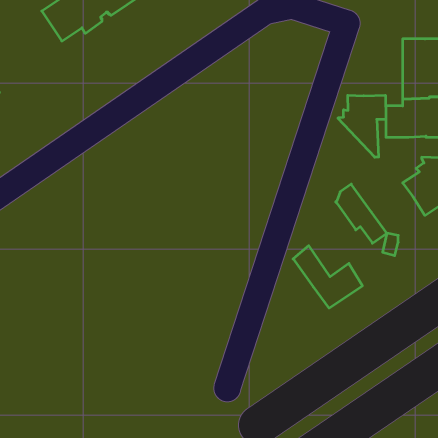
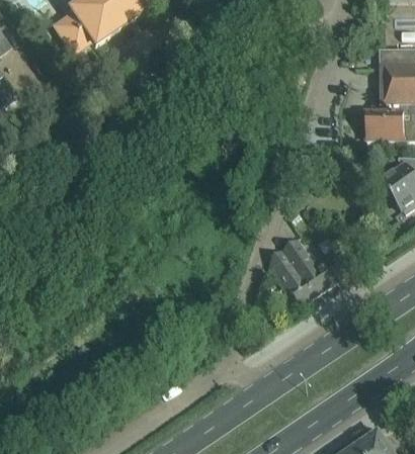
building: [338,95,386,157] -> none
building: [336,184,387,243] -> [267,249,314,302]

